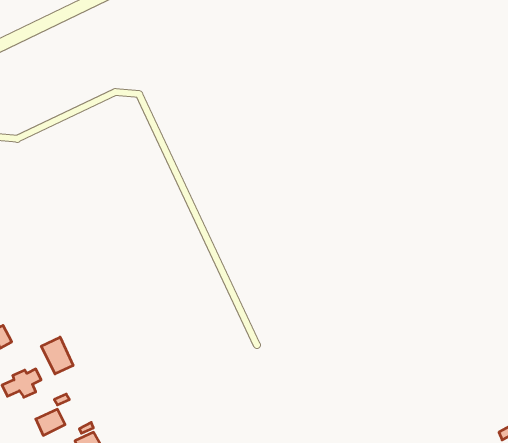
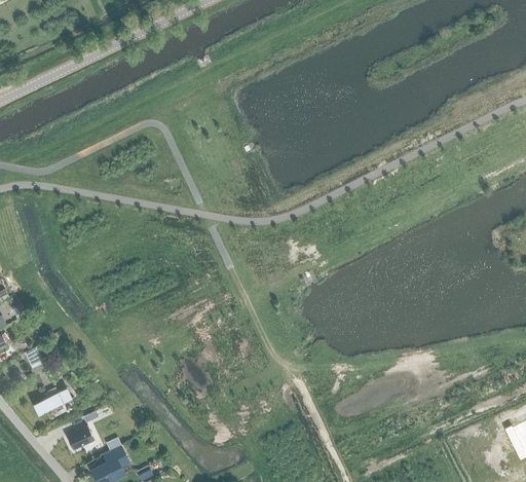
building: [41,337,73,374] -> none

